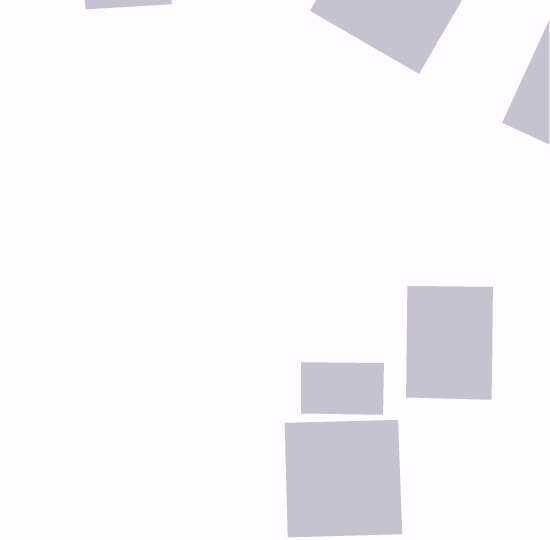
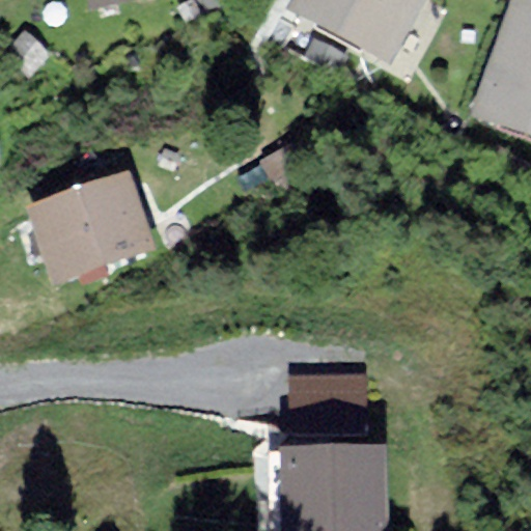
building: none -> [40,189,153,268]
building: [406,285,494,400] -> none

